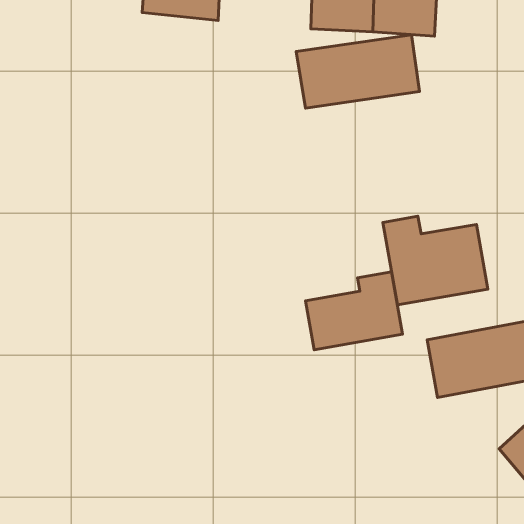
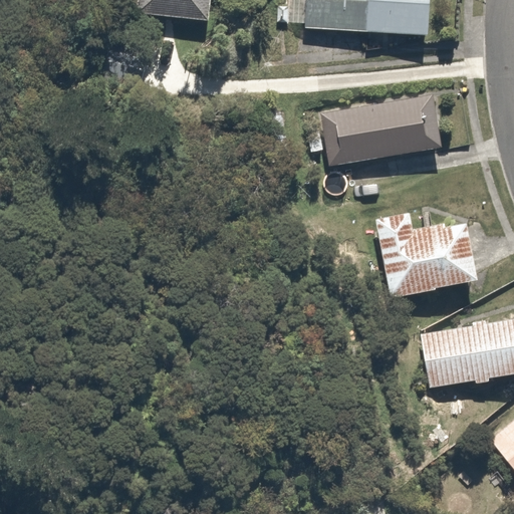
building: [296,35,420,108] -> [321,94,442,166]
building: [306,272,402,350] -> none

